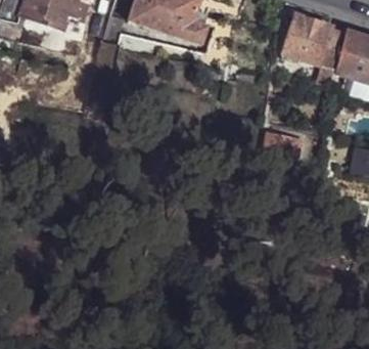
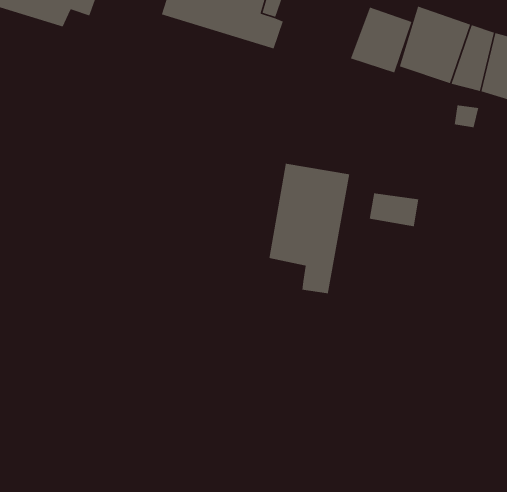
building: none -> [350,6,413,74]
building: none -> [269,163,350,294]

